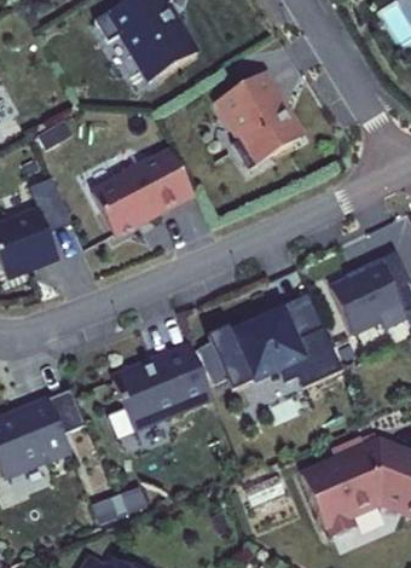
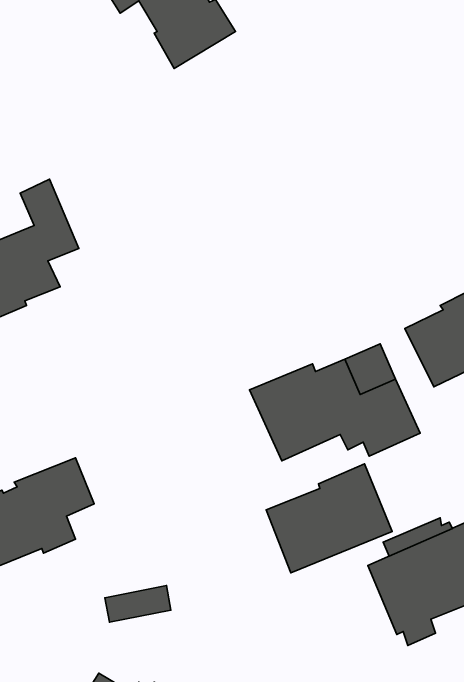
building: [227,69,300,168] -> none
building: [93,150,192,234] -> none
building: [112,342,212,428] -> [266,464,392,573]

